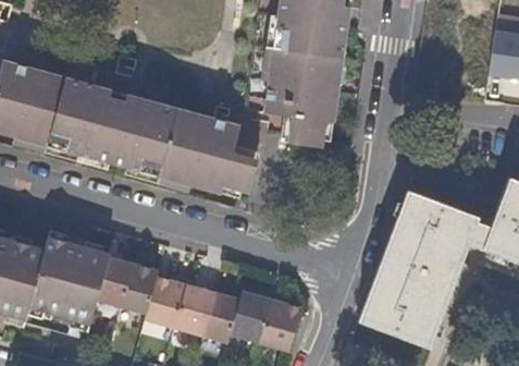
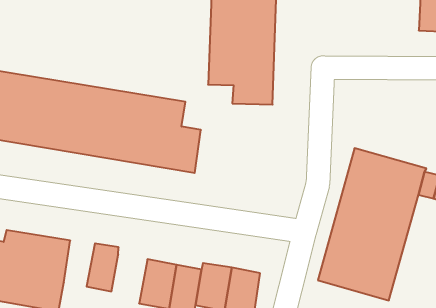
building: [97,256,133,305] -> none
building: [143,276,185,328] -> none

